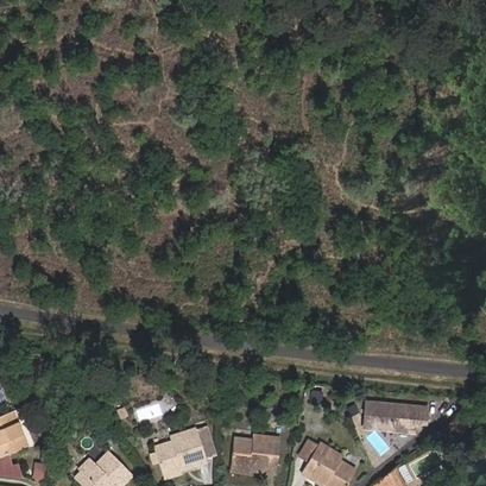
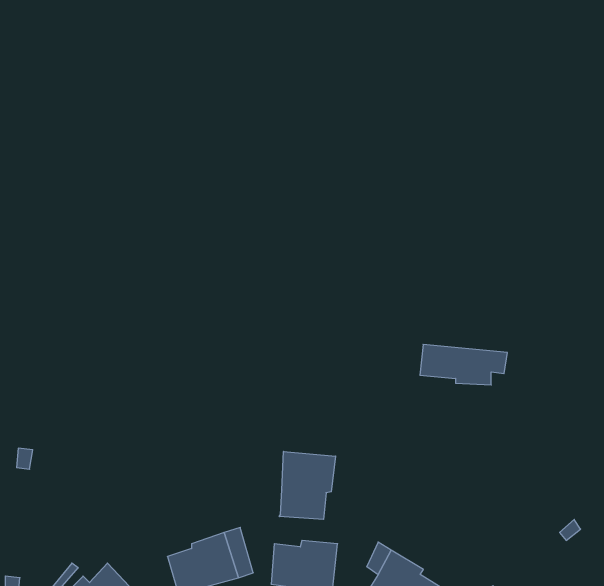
building: none -> [279,451,336,519]
building: [362,403,427,433] -> [420,344,507,385]

